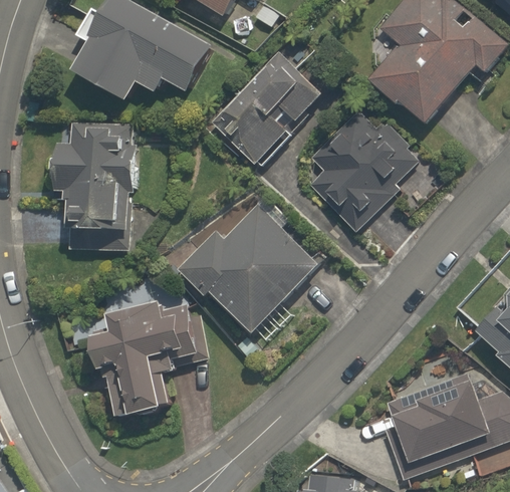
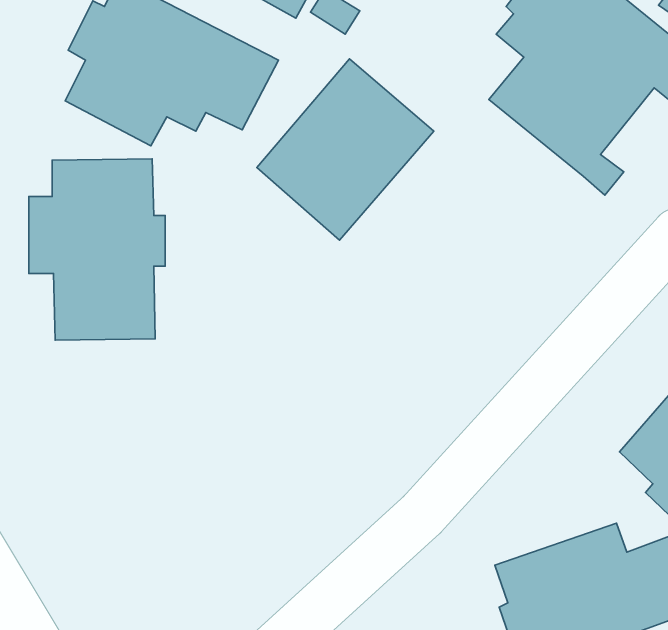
building: [308,109,416,230] -> none
building: [171,202,328,341] -> none
building: [93,297,204,427] -> none

